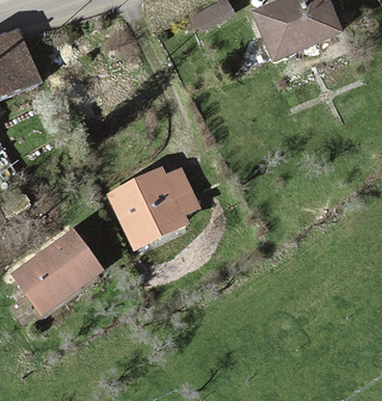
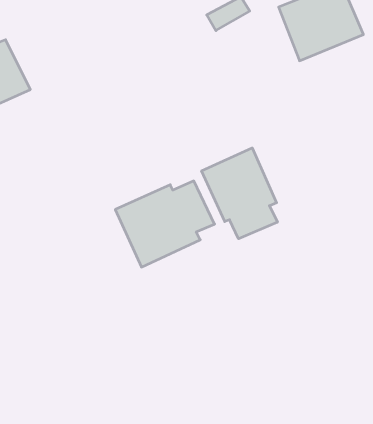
building: none -> [202,148,277,239]
building: [14,230,99,309] -> none

